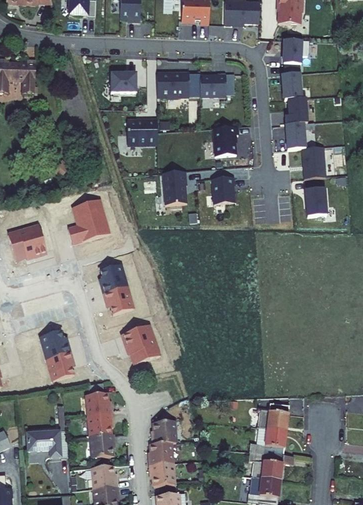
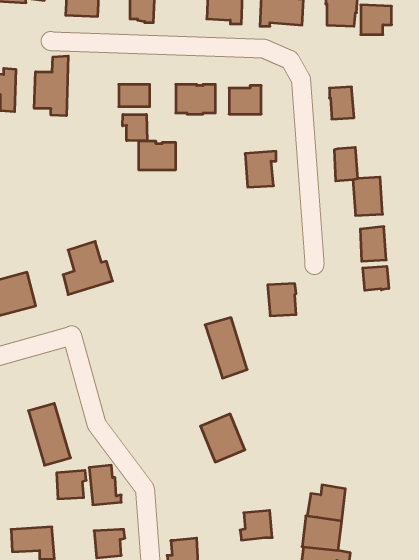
building: [282,40,307,64] -> [361,5,392,35]
building: none -> [34,56,68,116]
building: none -> [123,114,147,141]
building: [284,98,306,125] -> none
building: [162,170,186,203] -> none
building: [211,177,234,203] -> [268,284,296,316]
building: none -> [363,266,389,290]
building: [97,264,131,313] -> [205,318,247,378]
building: [121,324,157,363] -> [200,414,245,462]
building: [90,410,114,433] -> [57,470,86,499]
building: [154,417,180,441] -> [240,510,272,540]

